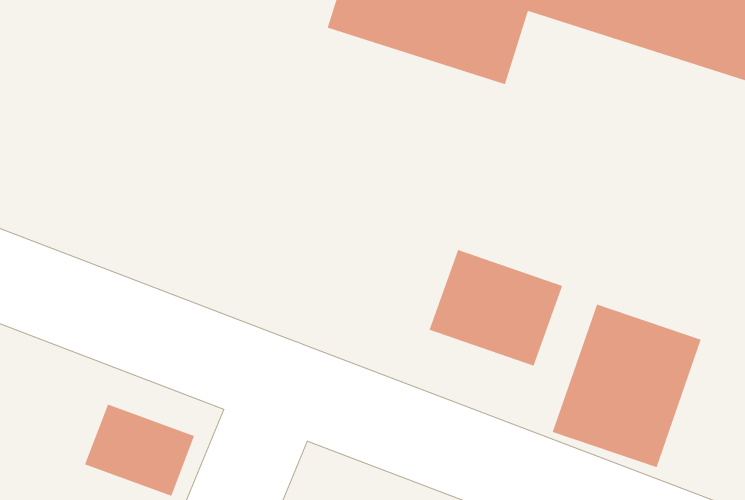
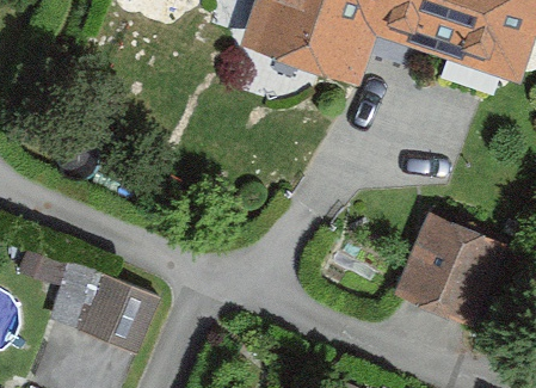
building: [429,249,563,366] -> none

